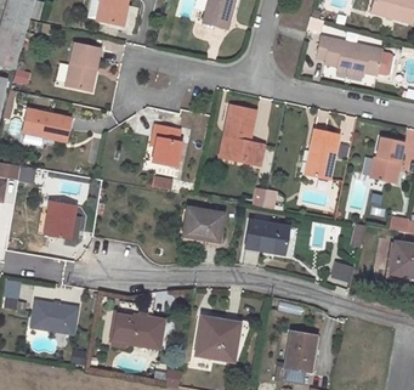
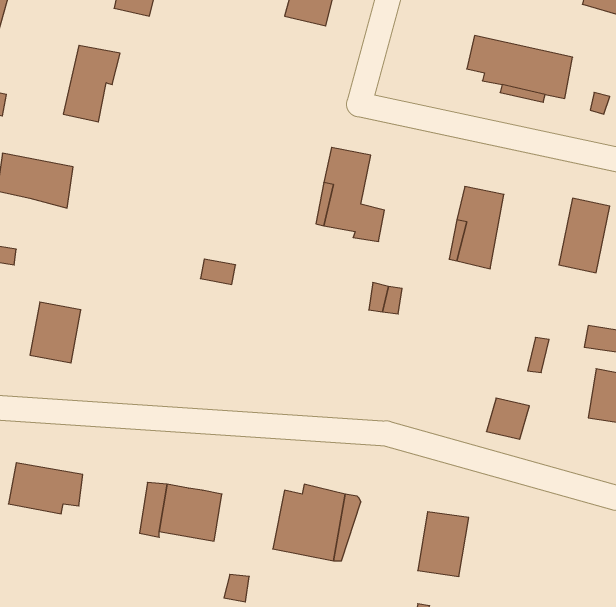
building: [152,123,182,166] -> none
building: [182,207,222,241] -> none
building: [244,220,287,254] -> none

